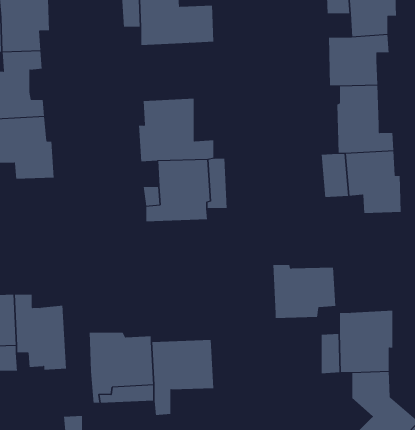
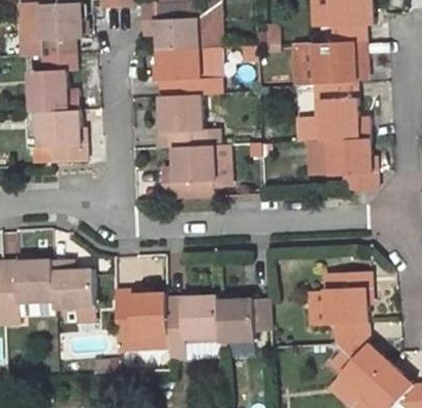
building: none -> [293,43,315,85]
building: none -> [158,48,221,96]
building: [273,265,336,319] -> [217,296,270,341]

